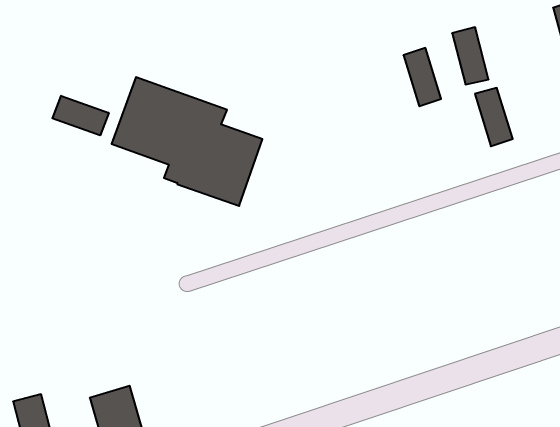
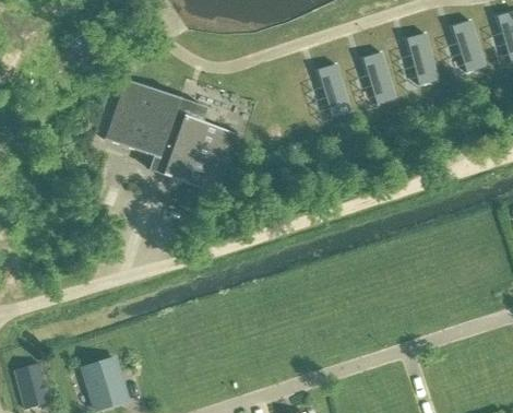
building: none -> [318,63,353,116]
building: [475,88,513,146] -> [453,20,487,72]
building: [52,96,109,135] -> none

